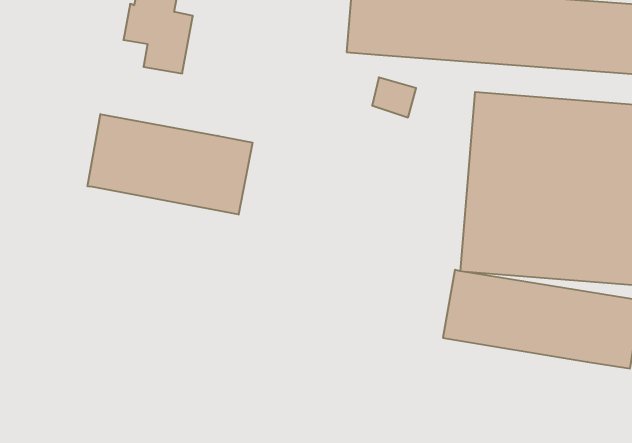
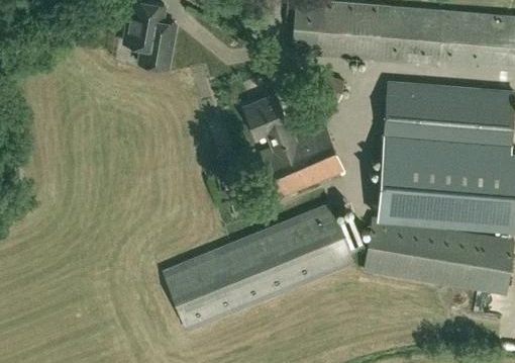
building: none -> [244,93,345,195]
building: [88,114,253,215] -> none
building: none -> [164,202,353,329]

